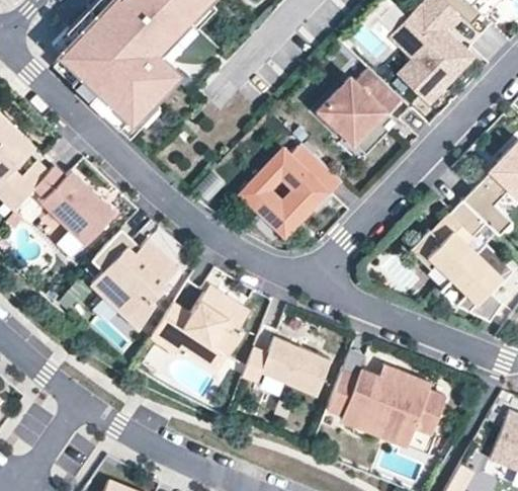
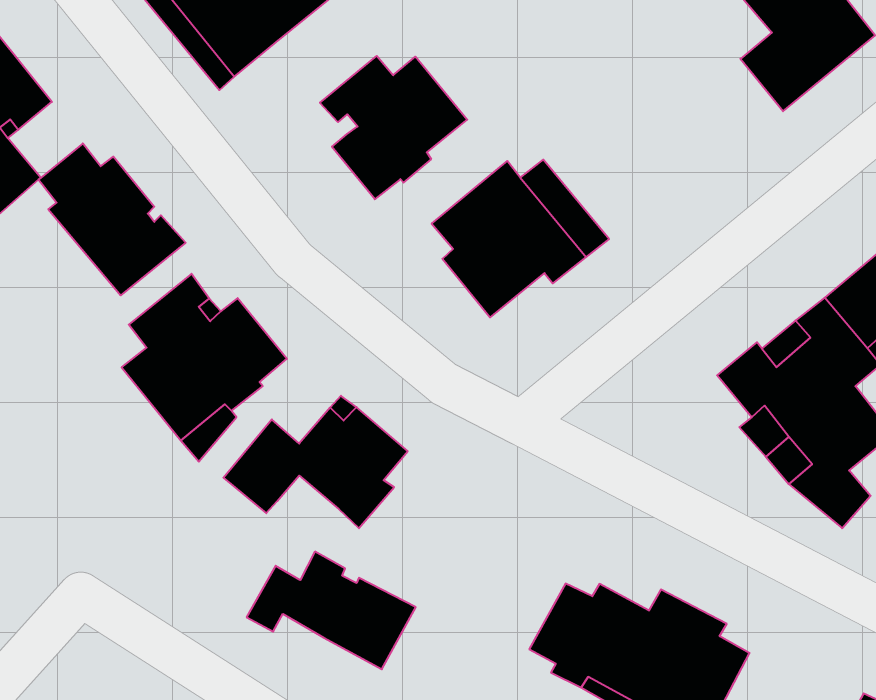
building: [317,67,403,154] -> none
building: none -> [320,56,467,199]
building: [243,336,333,395] -> [247,552,416,669]

